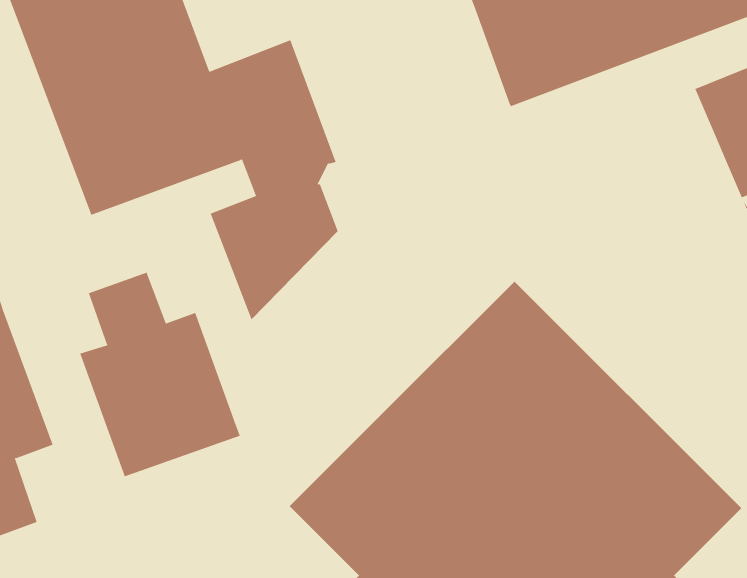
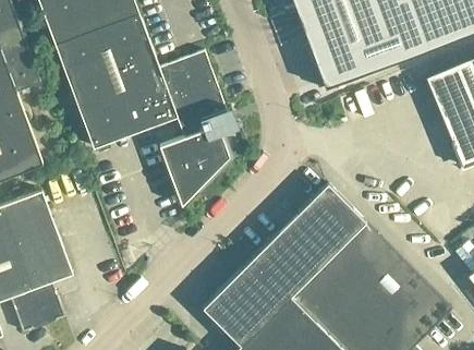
building: [80,272,241,477] -> none

